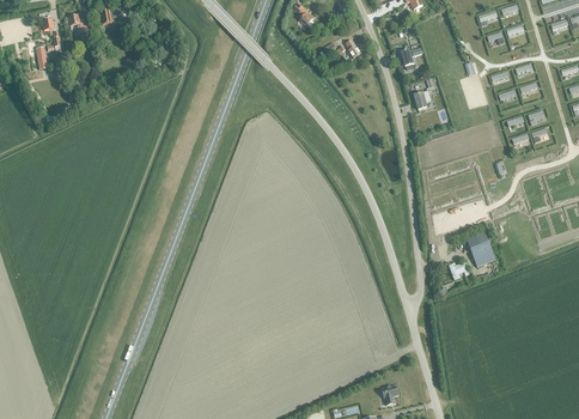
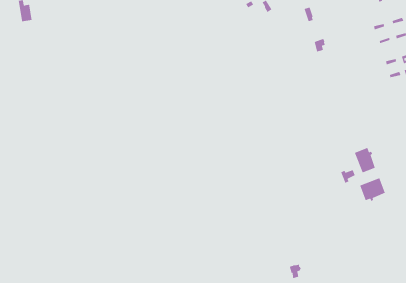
building: none -> [359,177,386,202]

